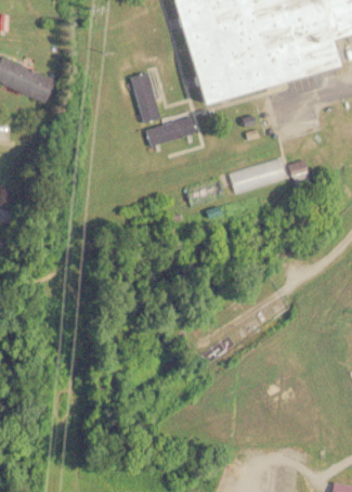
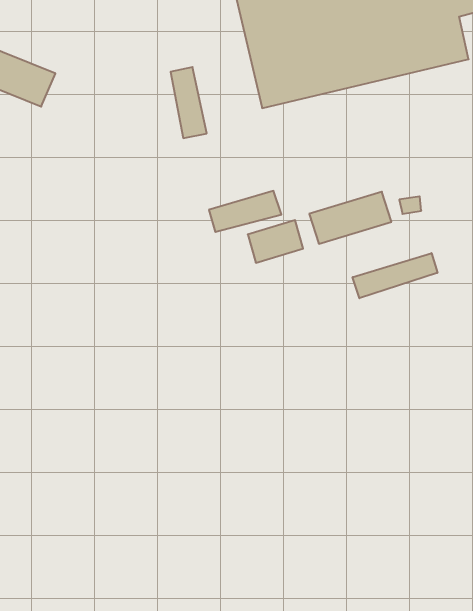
building: [147,116,197,144] -> [209,191,281,232]
building: none -> [353,253,437,298]

